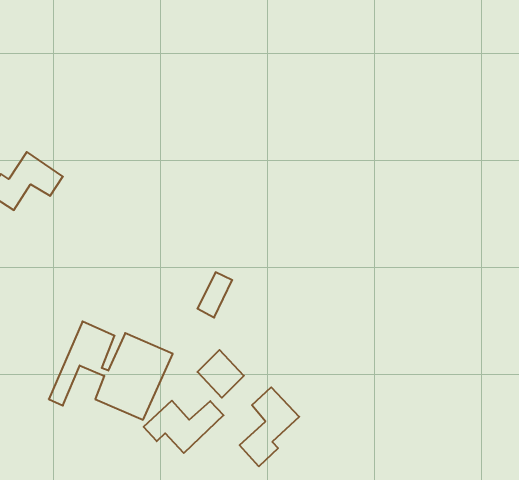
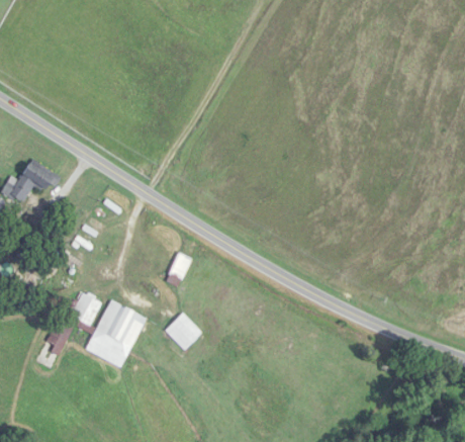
building: [240,387,299,466] -> none
building: [144,401,224,453] -> none

